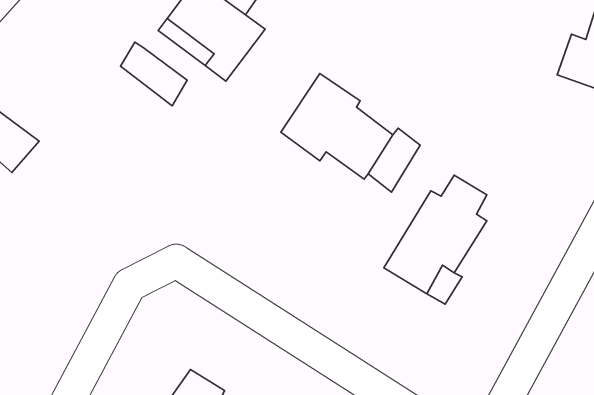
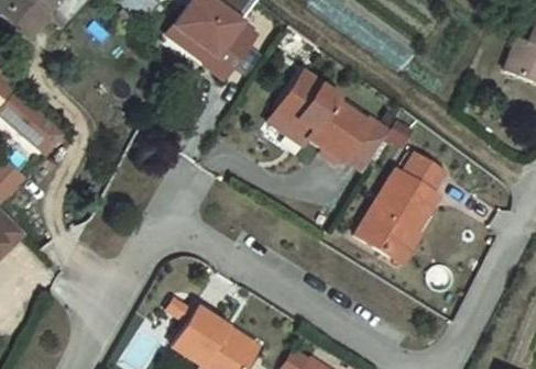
building: [121,42,187,106] -> none

